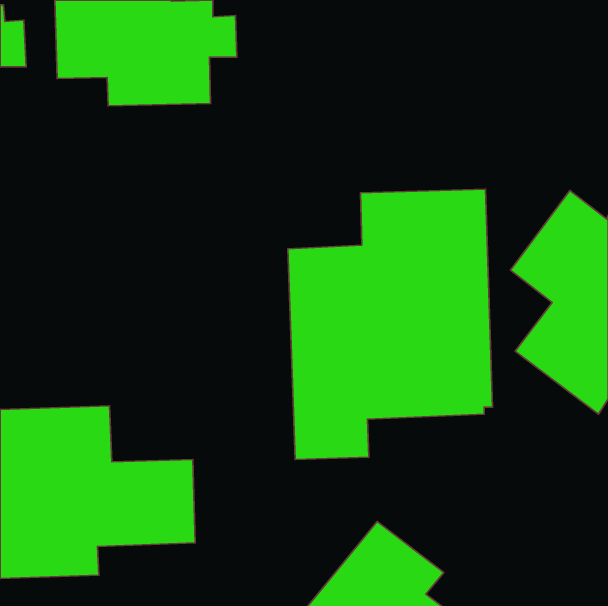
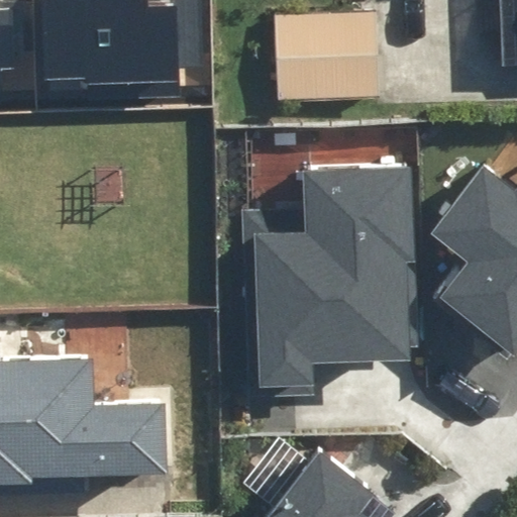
building: none -> [269,16,373,104]

